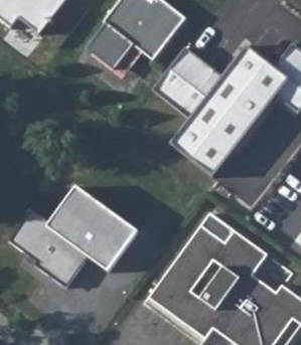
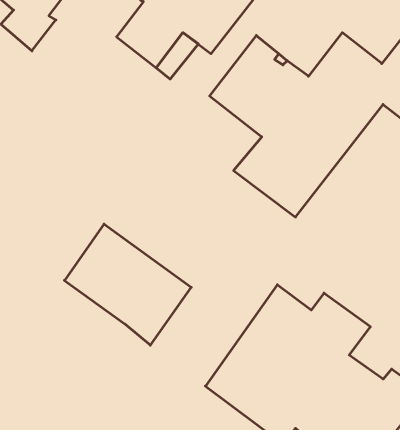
building: [8,209,92,288] -> none

